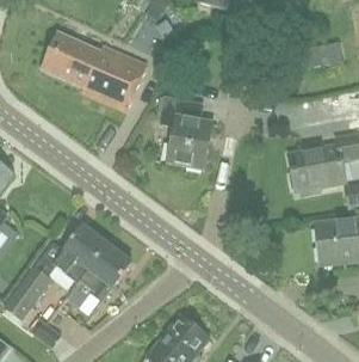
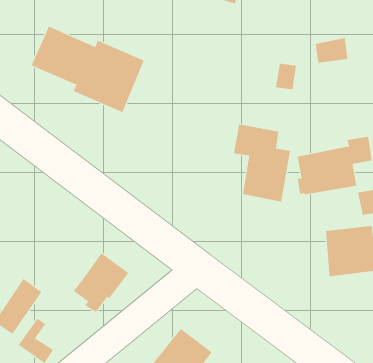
building: [157,96,211,168] -> [233,124,291,202]
building: [51,223,105,283] -> none

